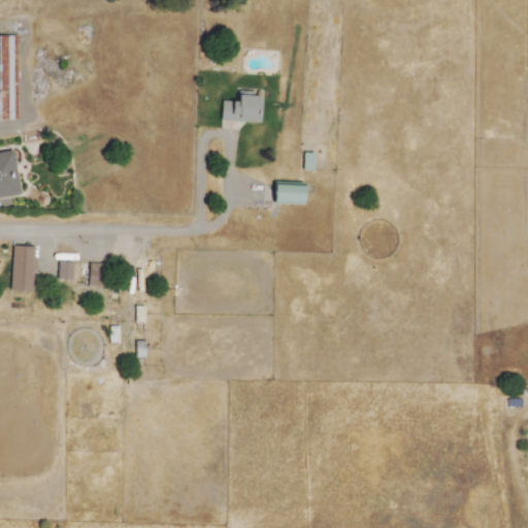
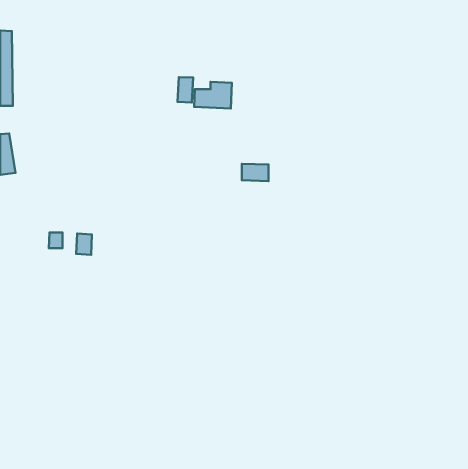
building: none -> [178,77,193,102]
building: [9,245,35,291] -> none

